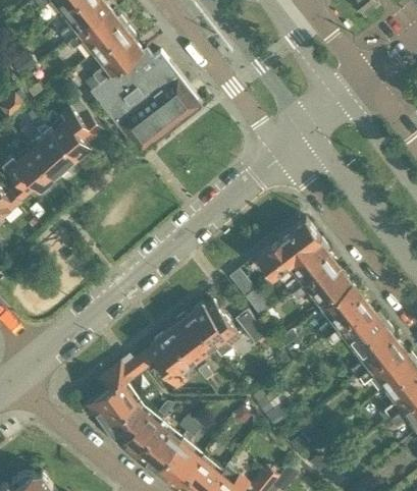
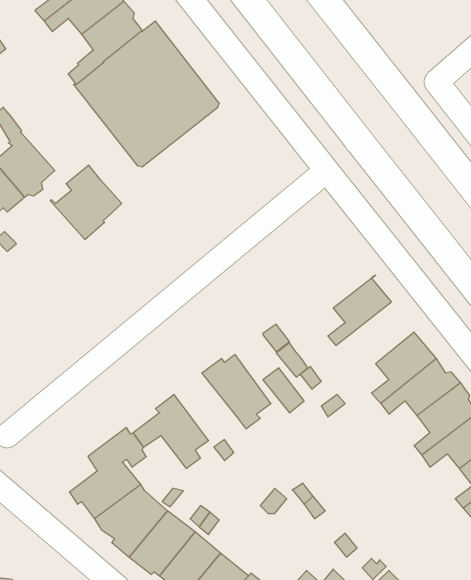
building: [48,101,103,158] -> [50,165,122,239]
building: [256,218,321,276] -> none
building: [291,259,349,303] -> none
building: [166,314,215,366] -> none

